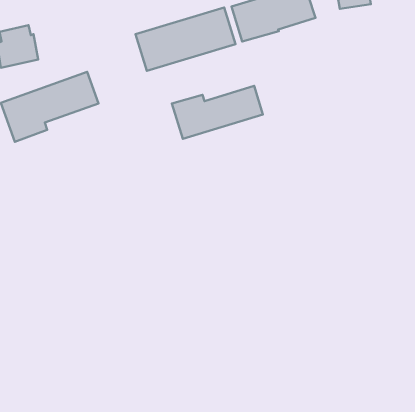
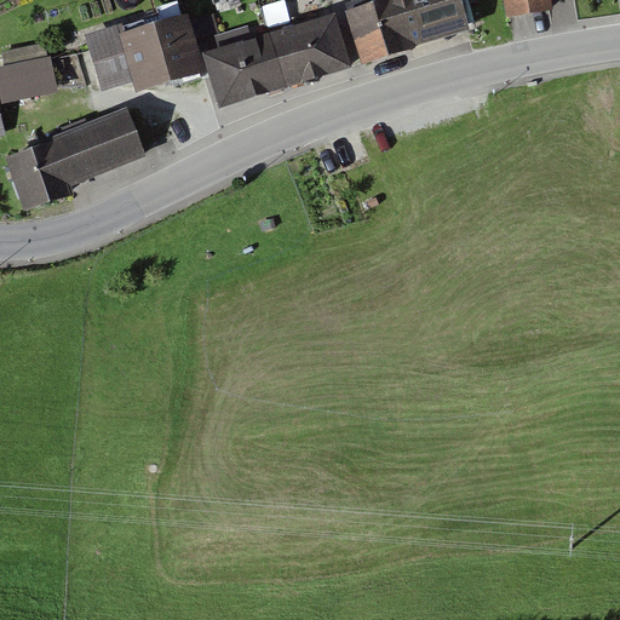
building: none -> [82,11,205,91]
building: [172,86,263,139] -> none

